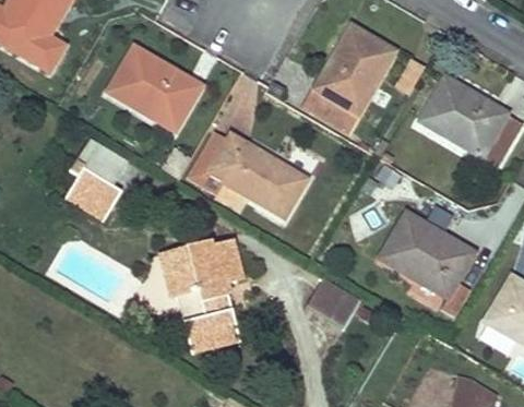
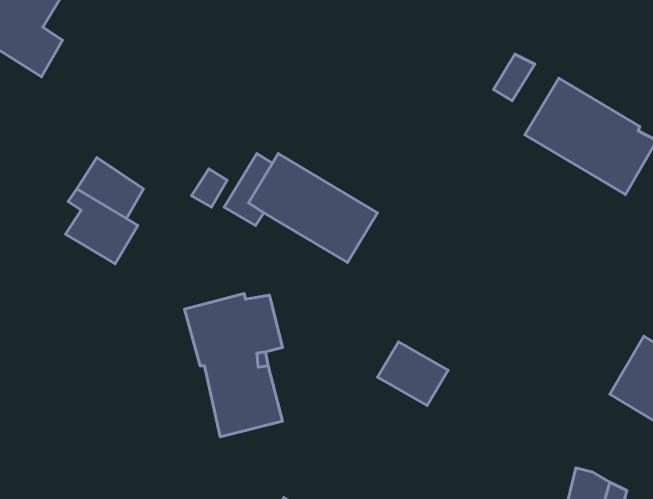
building: [303,24,396,130] -> none
building: [108,46,201,130] -> none
building: [380,212,475,315] -> none

